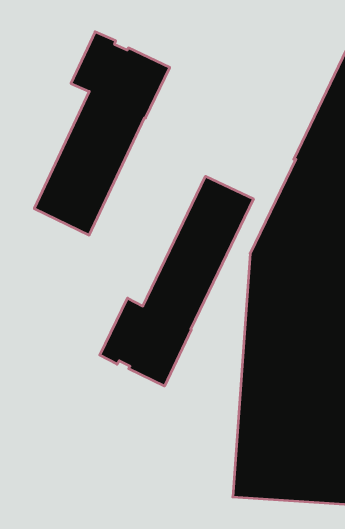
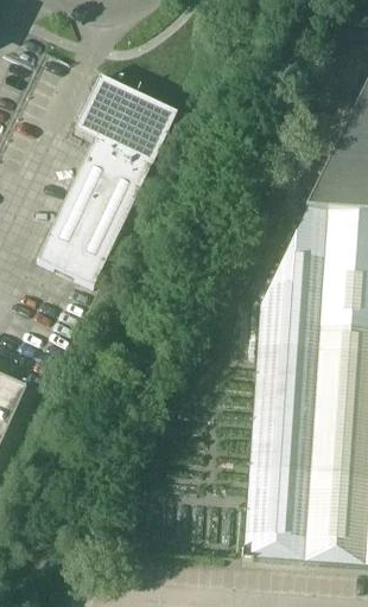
building: [100,176,253,386] -> none

